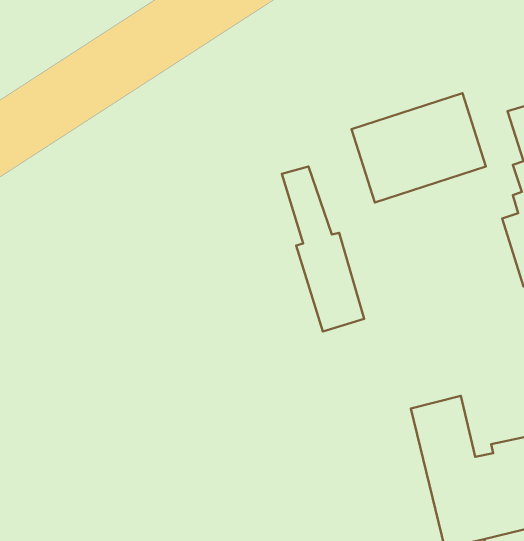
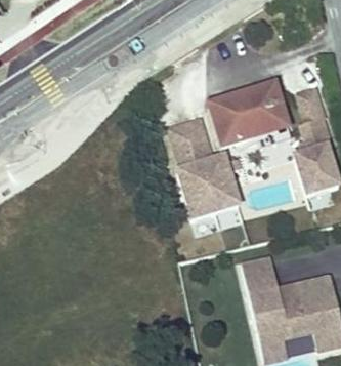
building: none -> [184,119,240,211]

